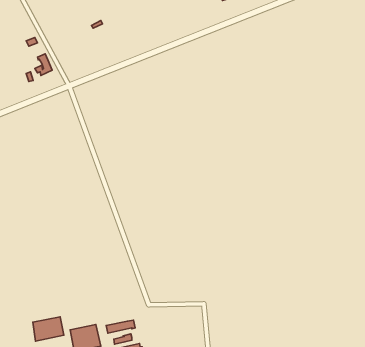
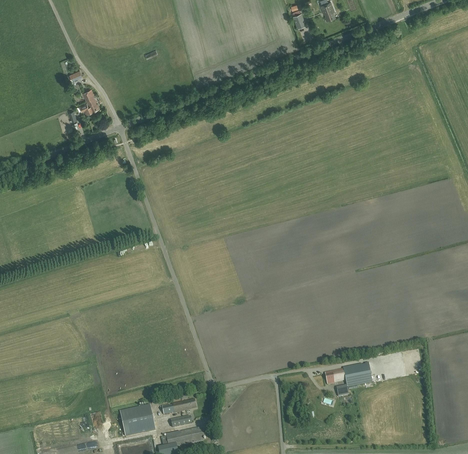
building: none -> [325,362,372,396]
building: [33,317,64,341] -> none

